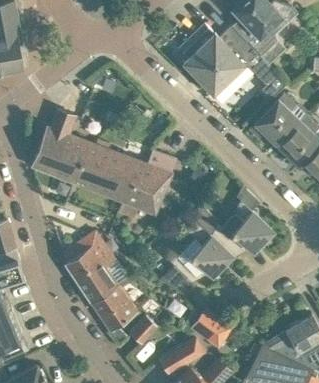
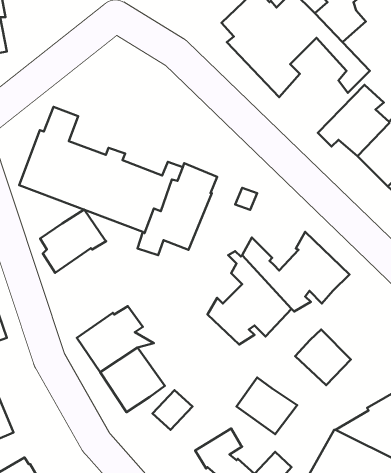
building: [63,232,111,278] -> [40,210,106,273]
building: none -> [295,329,351,385]

